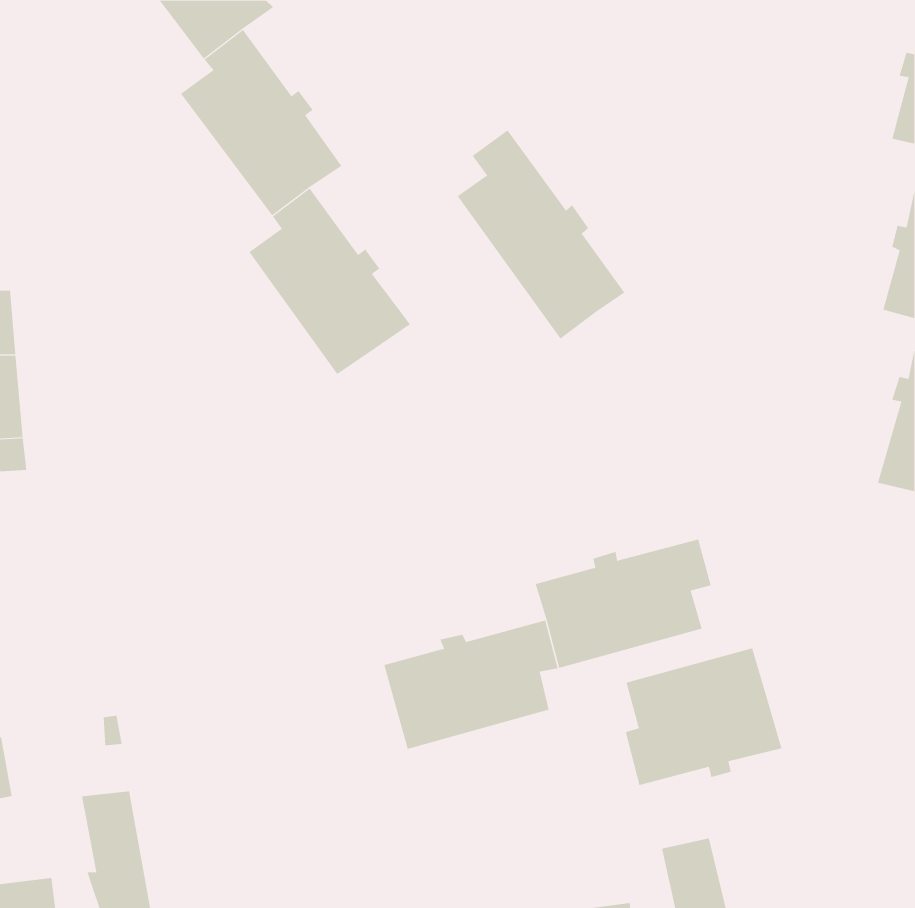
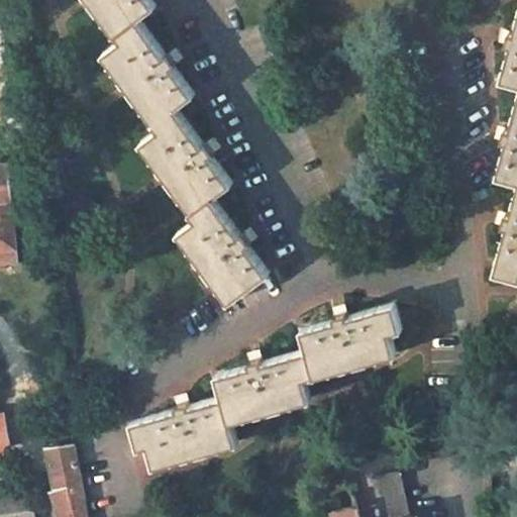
building: [457,130,625,339] -> none
building: none -> [176,202,267,307]
building: [625,647,782,786] -> none
building: none -> [130,402,235,472]

